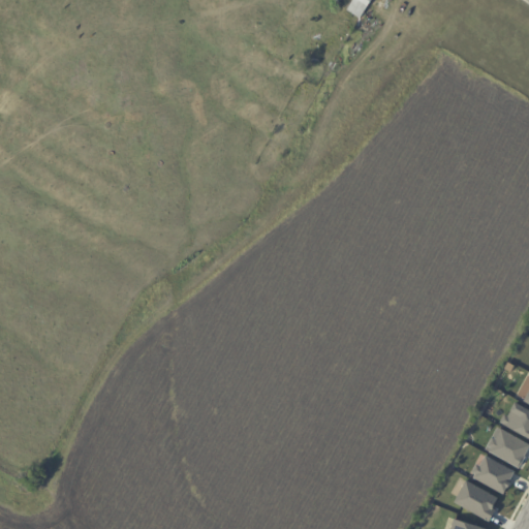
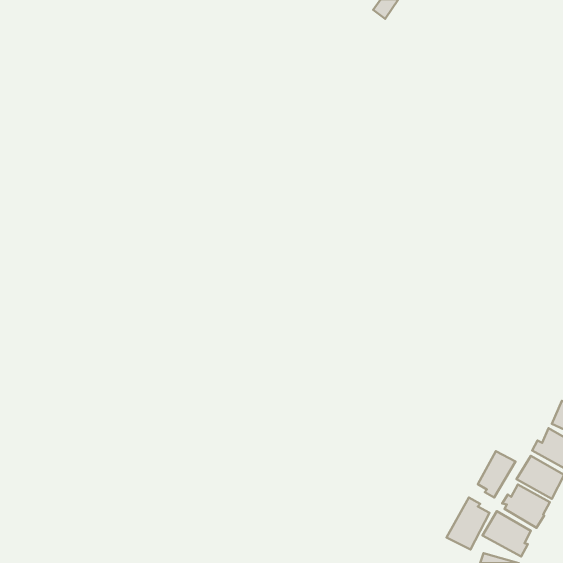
building: none -> [478,451,515,498]
building: none -> [447,497,490,550]

